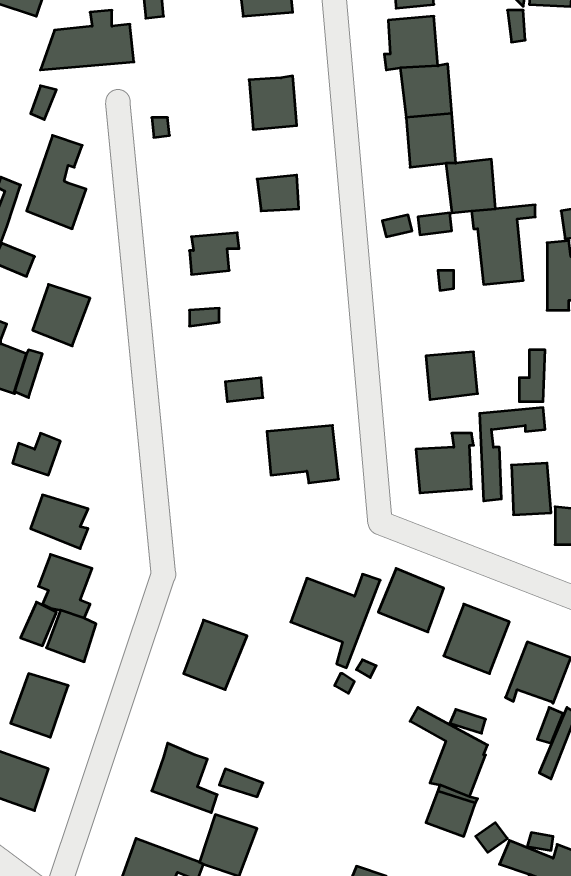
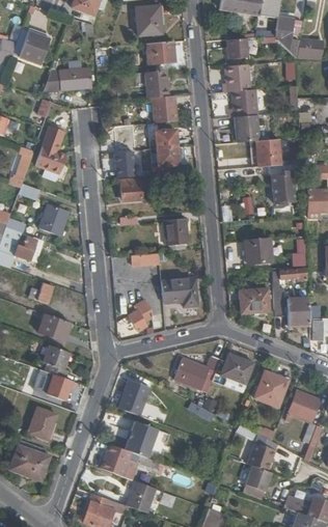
building: none -> [144,70,168,96]
building: none -> [144,130,176,149]
building: none -> [112,149,138,177]
building: none -> [163,218,188,245]
building: none -> [128,299,152,331]
building: none -> [124,420,157,456]

